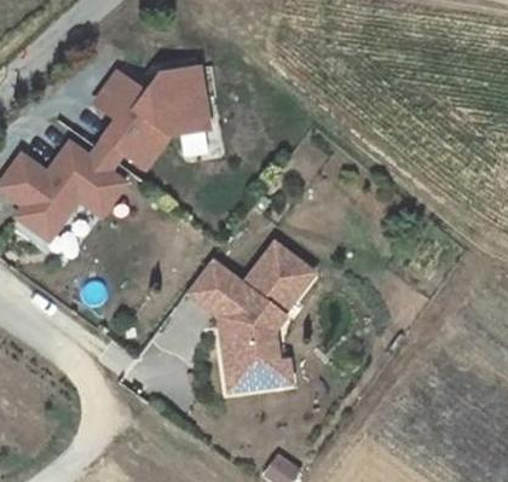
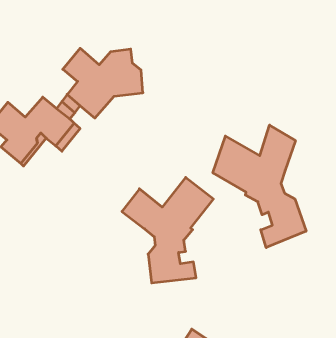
building: none -> [213,125,306,248]

